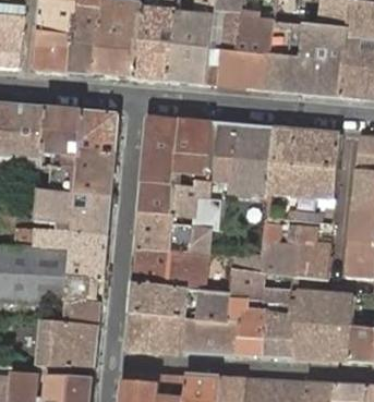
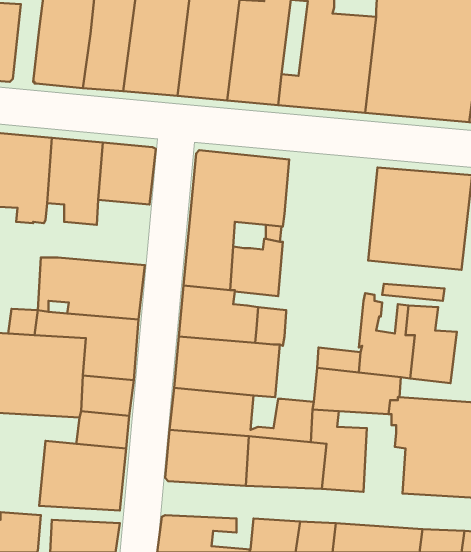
building: [215,122,275,195] -> none
building: [50,150,114,196] -> none
building: [265,310,294,356] -> none

